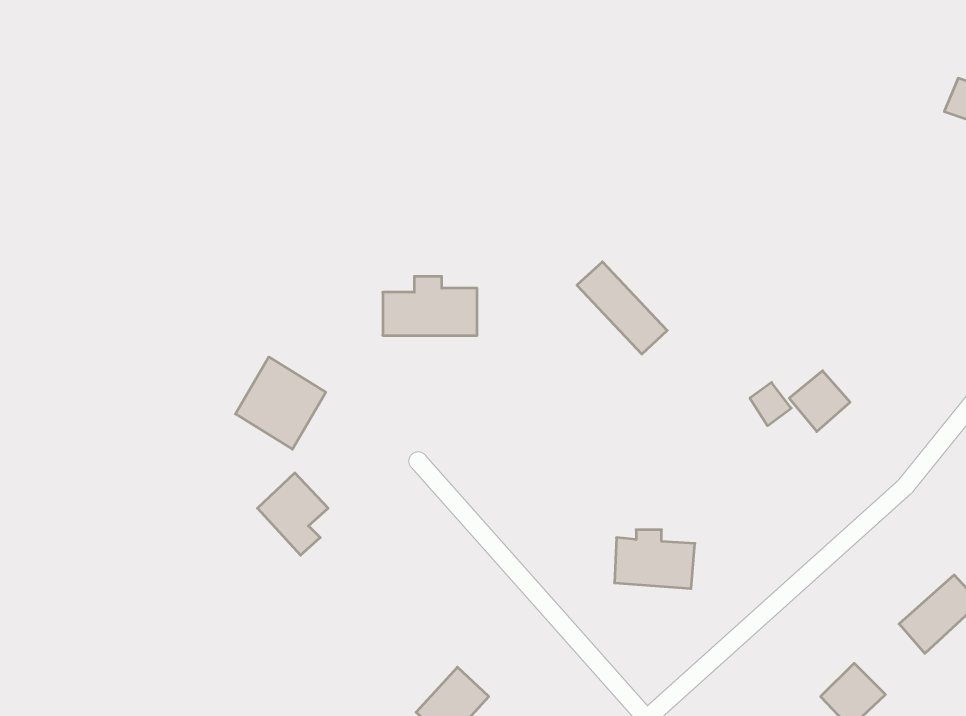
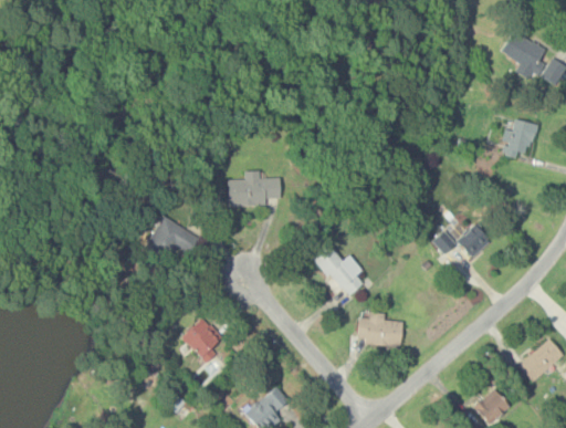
building: none -> [507,35,546,72]
building: none -> [504,119,537,155]
building: [577,262,667,354] -> [313,246,364,297]
building: [257,473,328,555] -> [184,317,223,364]

